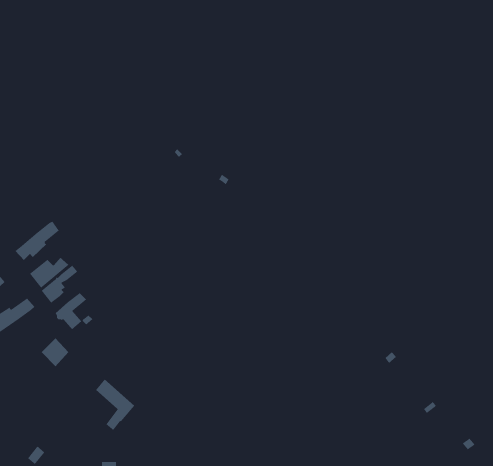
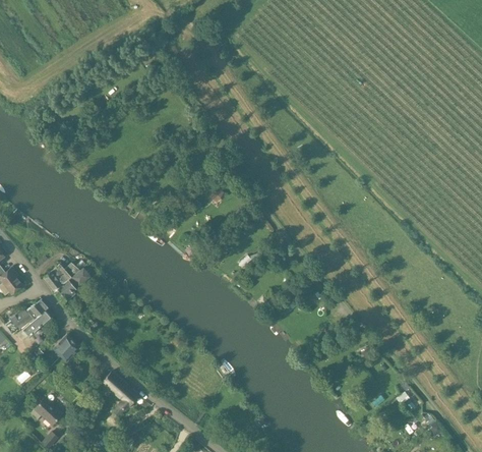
building: [15,221,59,261] -> none
building: [55,293,87,330] -> [22,310,51,344]
building: none -> [31,398,61,425]

